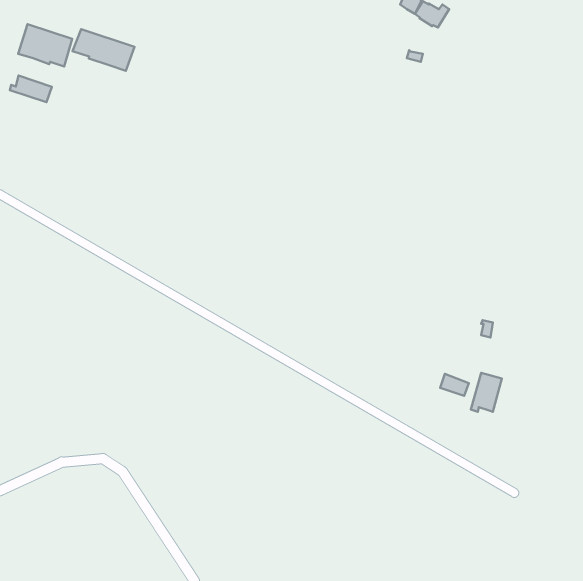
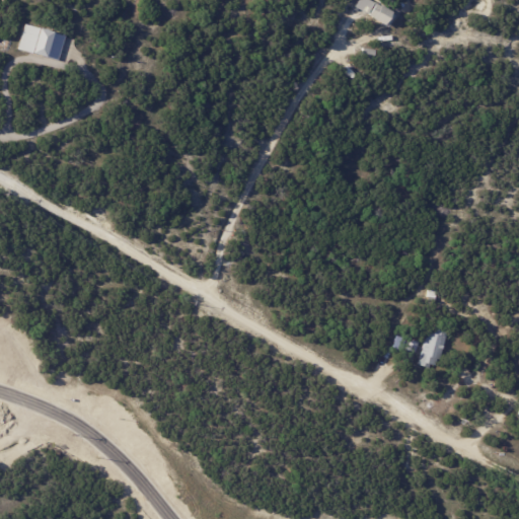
building: [73,29,135,71] -> none
building: [10,76,52,102] -> none

